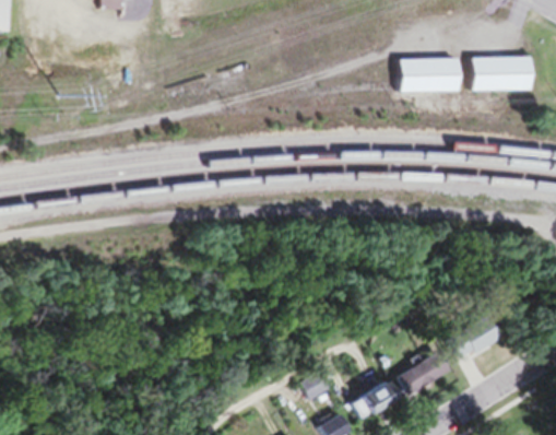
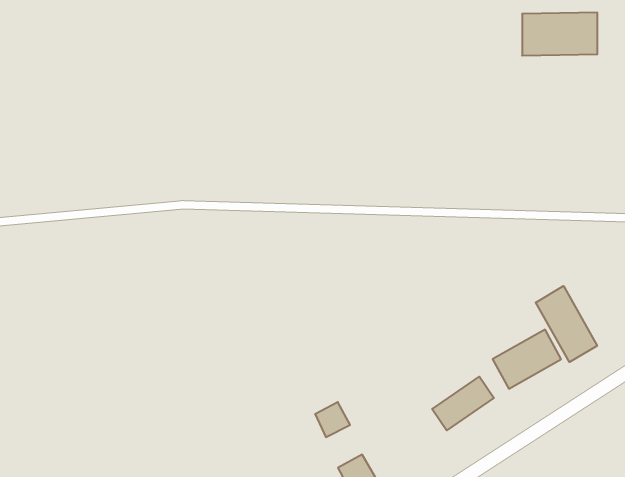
building: [399,57,460,92] -> none
building: none -> [536,286,597,362]
building: [355,384,399,422] -> none

